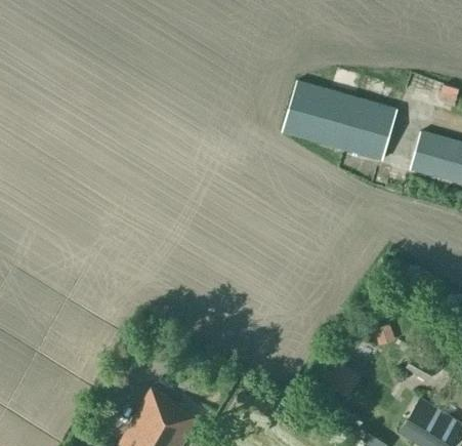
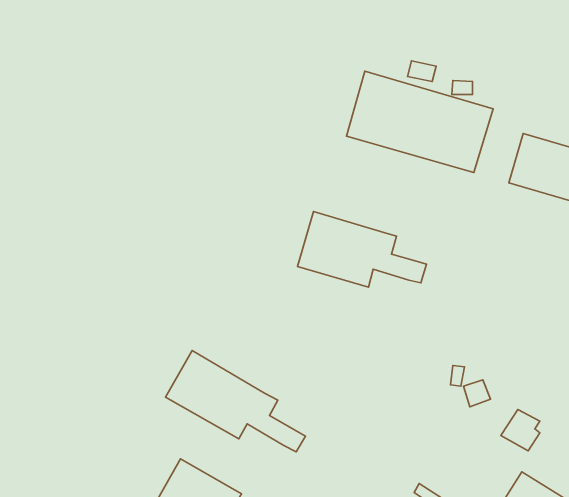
building: none -> [297,211,426,287]
building: none -> [165,351,305,452]

